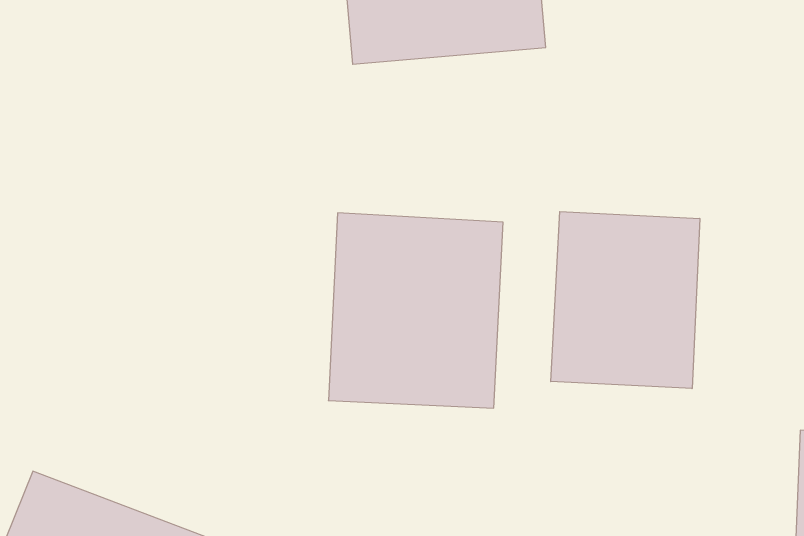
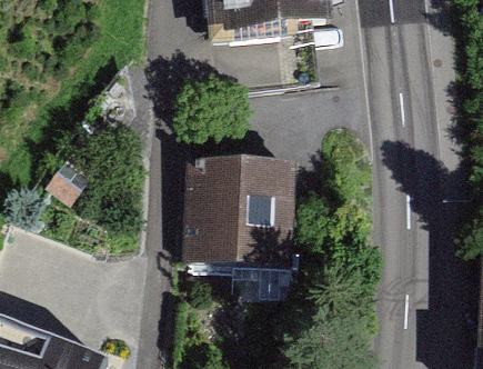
building: [551,212,700,389] -> none

